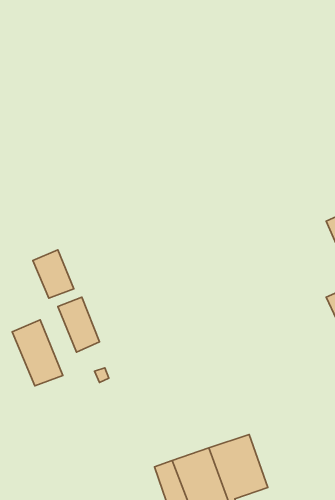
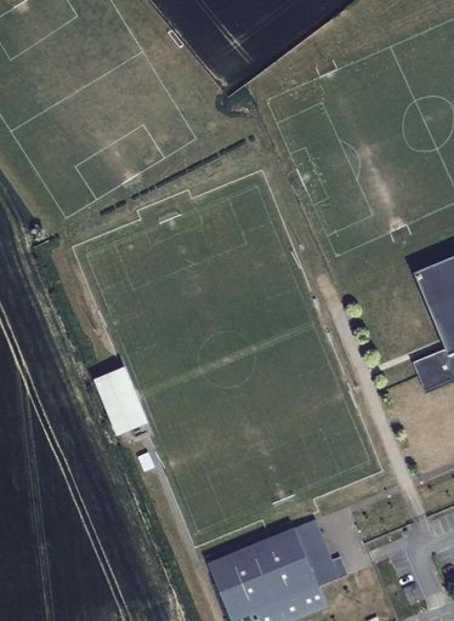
building: [33,250,74,298] -> none
building: [12,320,63,386] -> none

